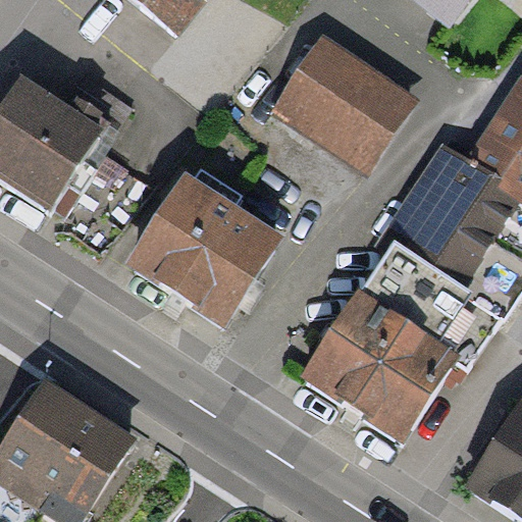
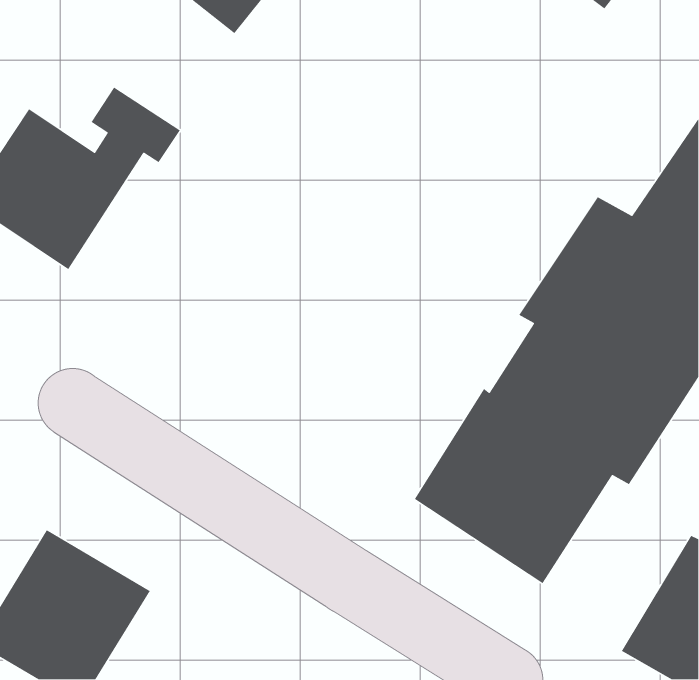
building: [283,41,411,159] -> none
building: [134,189,277,326] -> none

